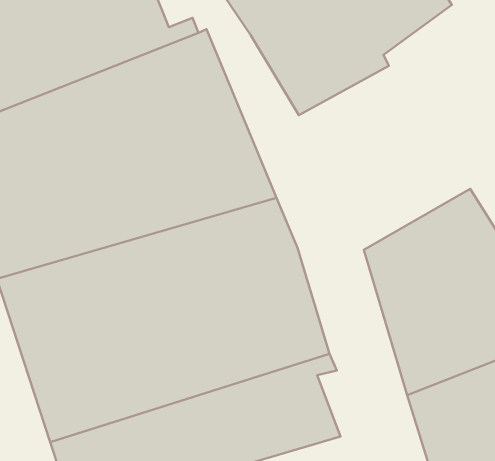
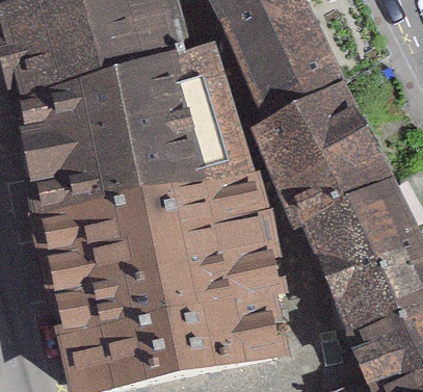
building: none -> [269,89,388,220]

